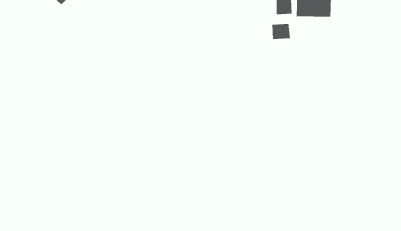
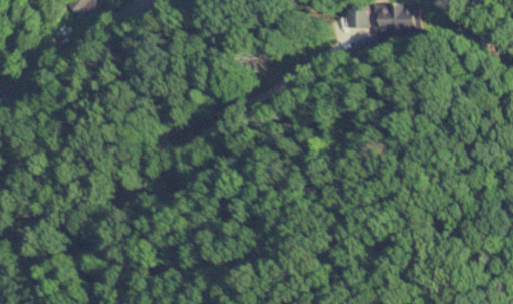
building: [272,23,290,40] -> none

